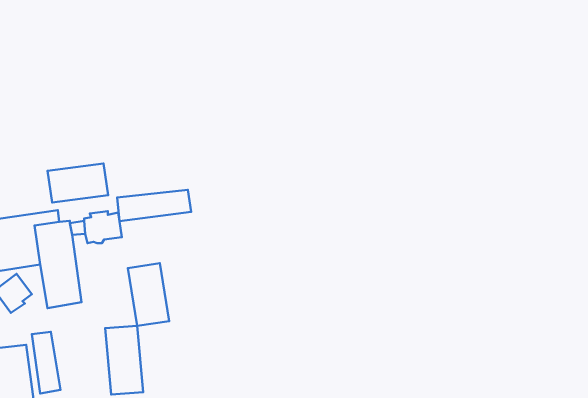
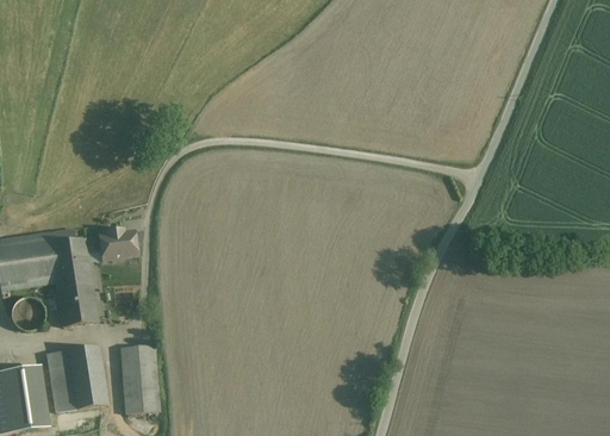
building: [47,163,108,203] -> none
building: [117,190,191,221] -> none
building: [128,263,169,326] -> [64,347,106,410]

